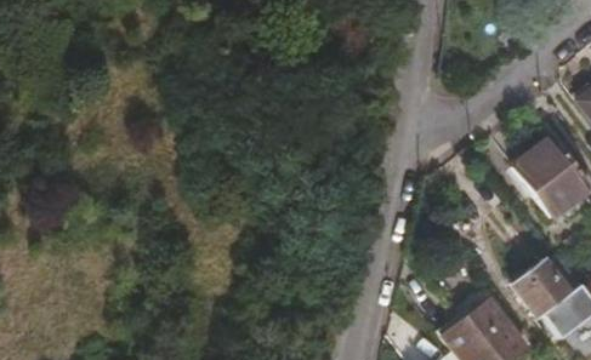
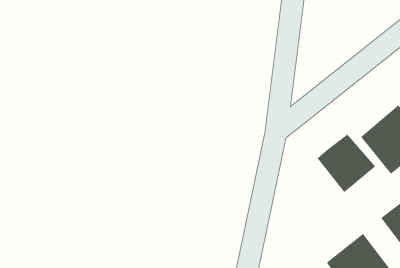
building: none -> [317,133,376,193]

